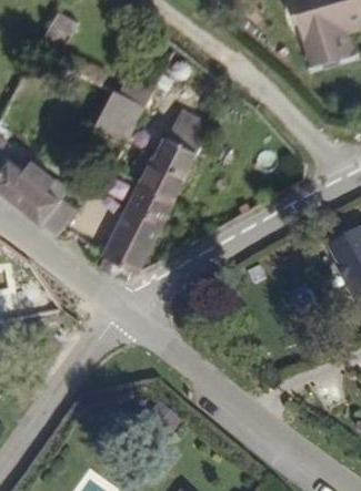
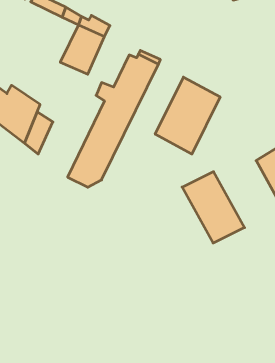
building: none -> [155,77,220,154]
building: none -> [182,172,245,243]

